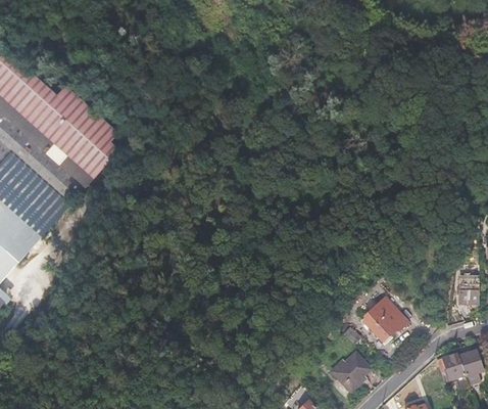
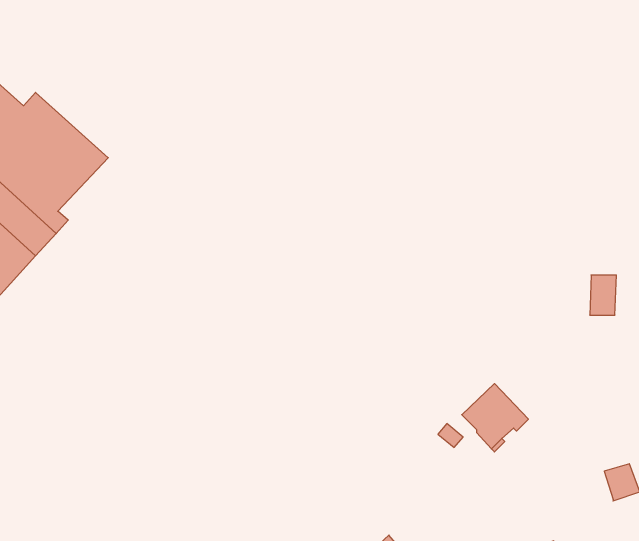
building: [458,277,477,305] -> [590,275,616,315]
building: [435,351,465,380] -> none
building: [332,353,372,391] -> none

